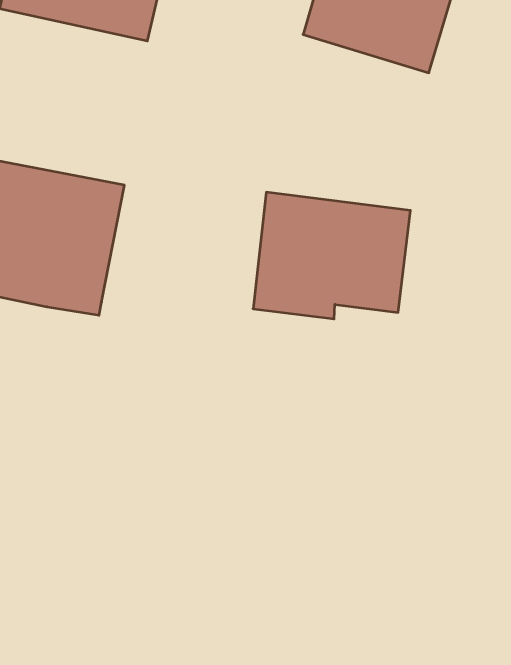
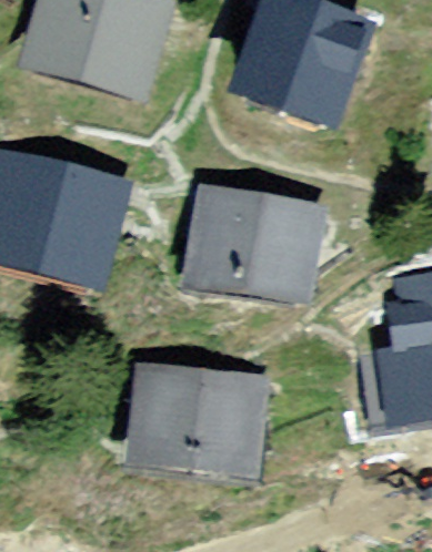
building: none -> [144,378,251,467]

